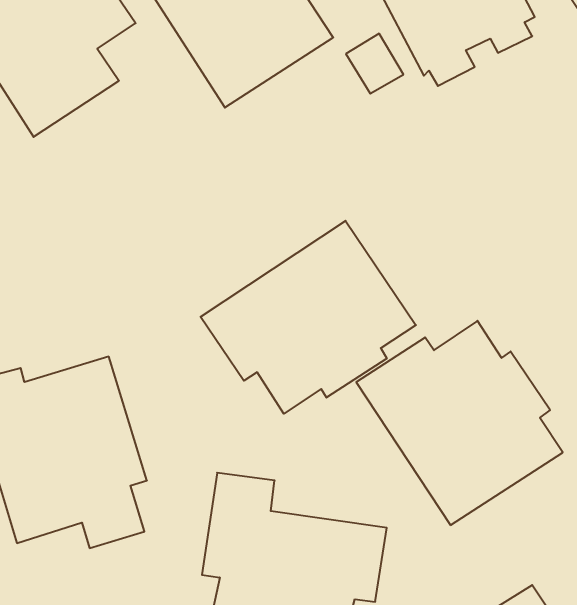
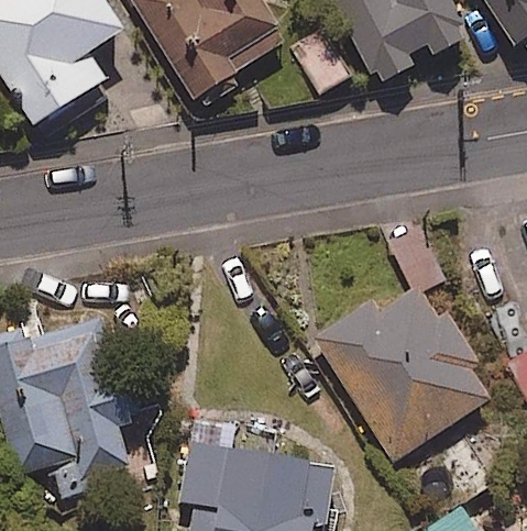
building: [201,221,416,414] -> none

